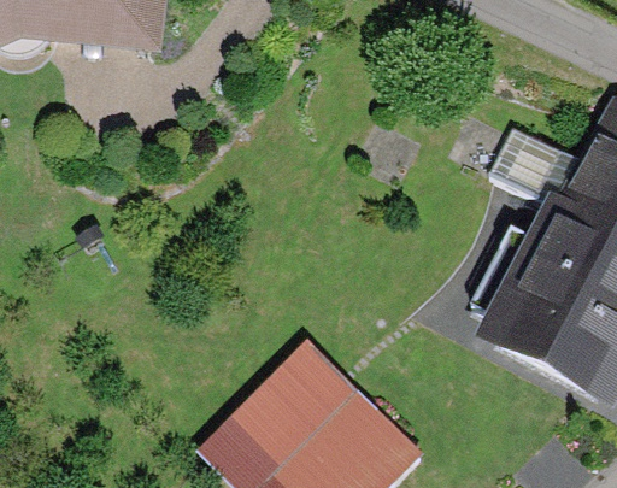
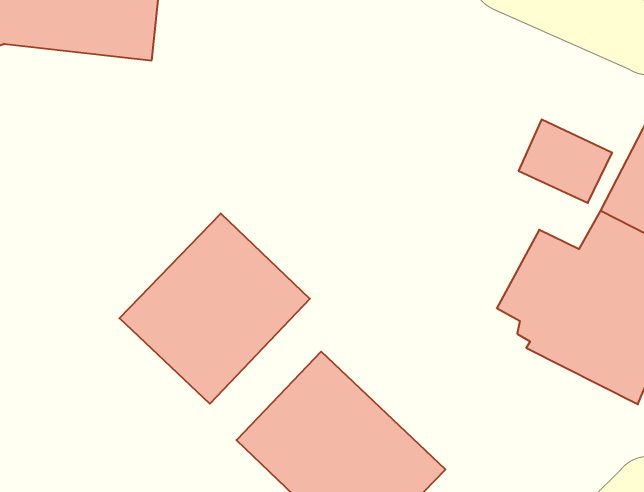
building: none -> [119,213,310,404]

